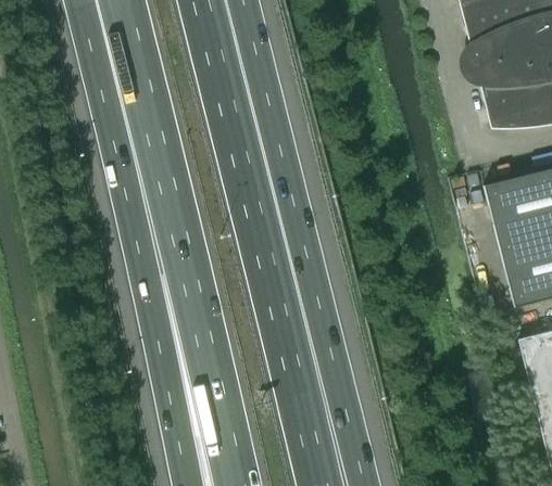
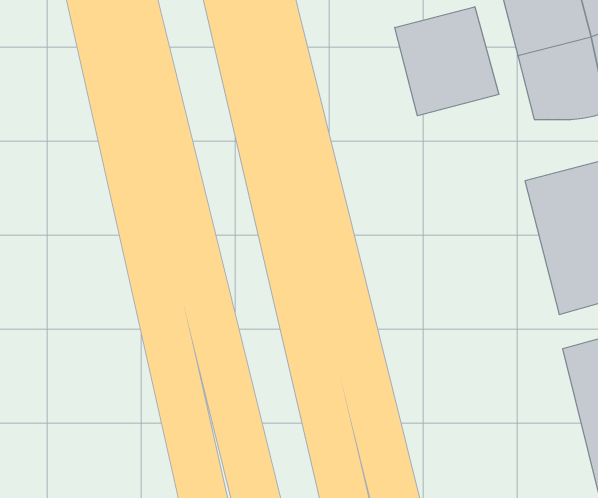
building: none -> [395,7,499,116]

